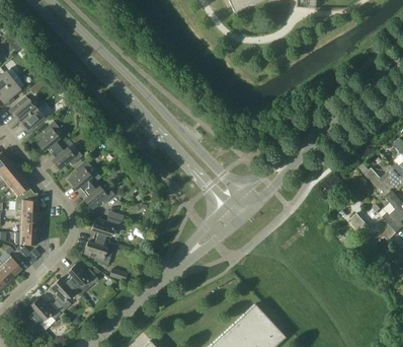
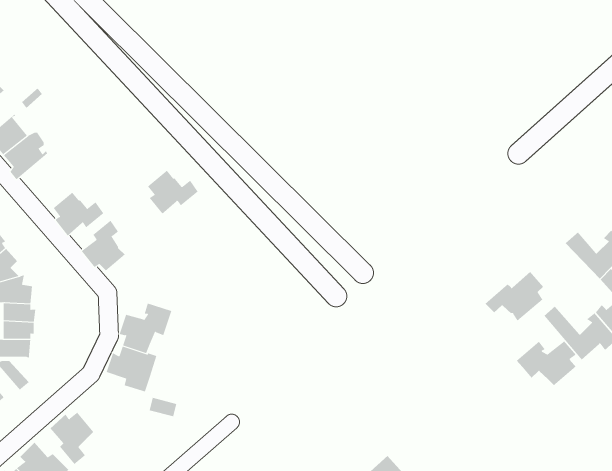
building: [35,122,63,153] -> none
building: [83,182,114,209] -> [147,170,199,215]
building: none -> [484,271,544,321]
building: none -> [516,340,577,386]
building: [66,263,97,290] -> none

